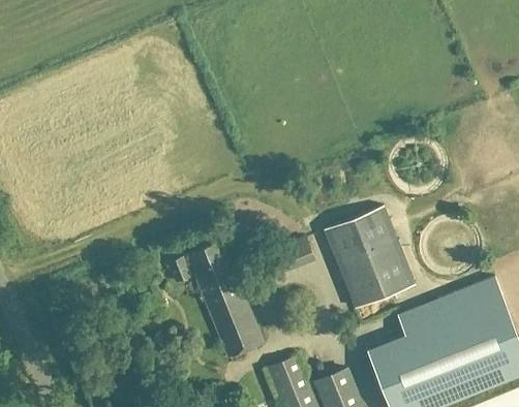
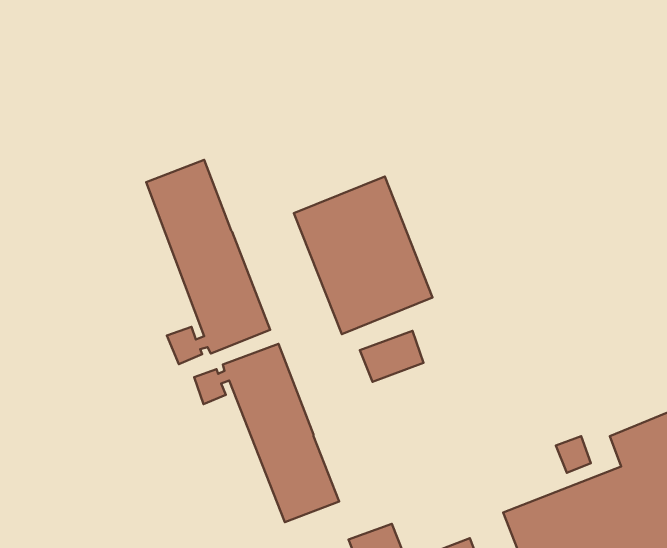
building: none -> [146,160,270,364]
building: [325,206,415,308] -> [294,176,433,334]

